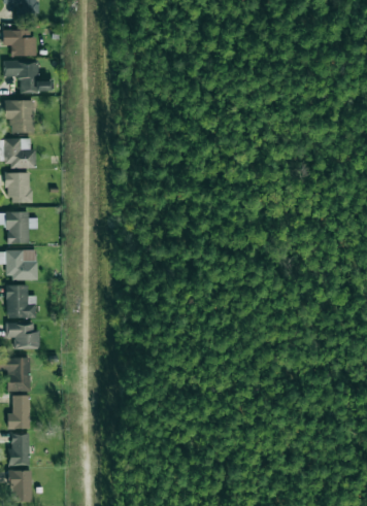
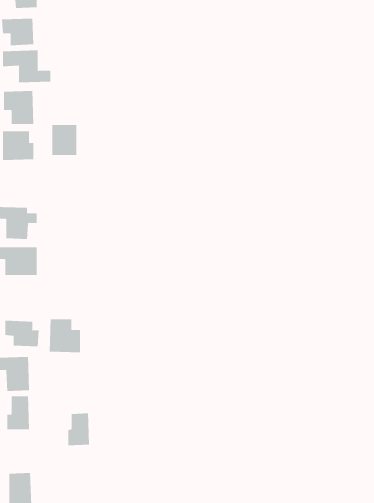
building: [6,173,31,203] -> [52,125,77,155]
building: [5,285,36,318] -> [49,319,81,353]
building: [8,434,30,466] -> [68,413,90,446]

